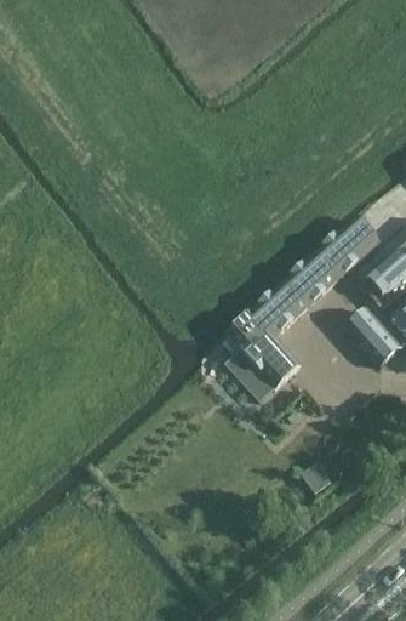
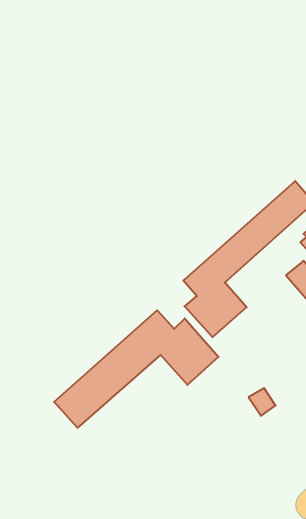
building: none -> [54,310,219,428]

